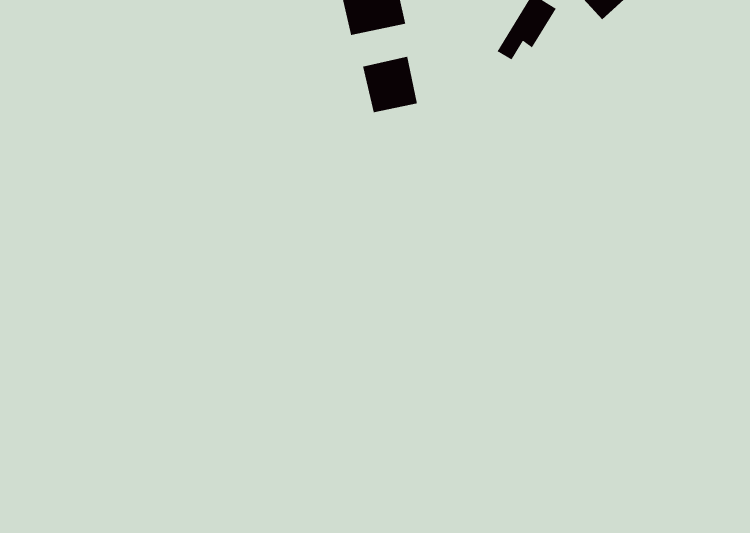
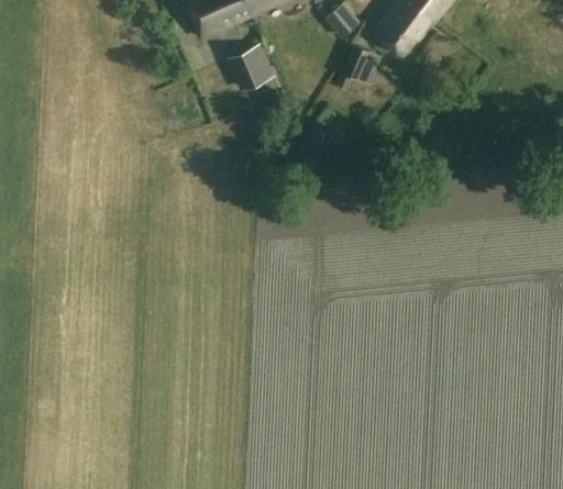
building: [362,56,418,113] -> none

